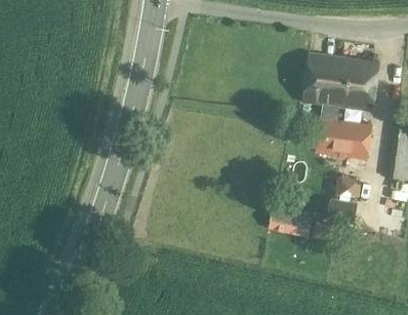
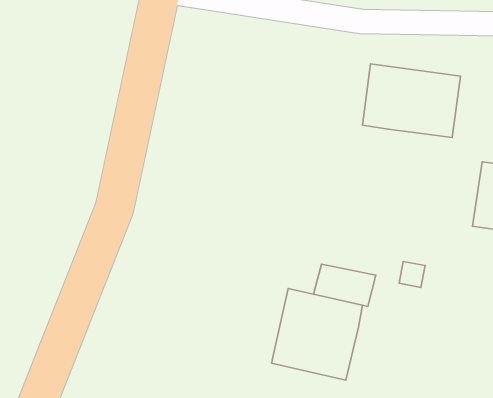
building: [316,103,370,169] -> none
building: none -> [272,288,362,380]

